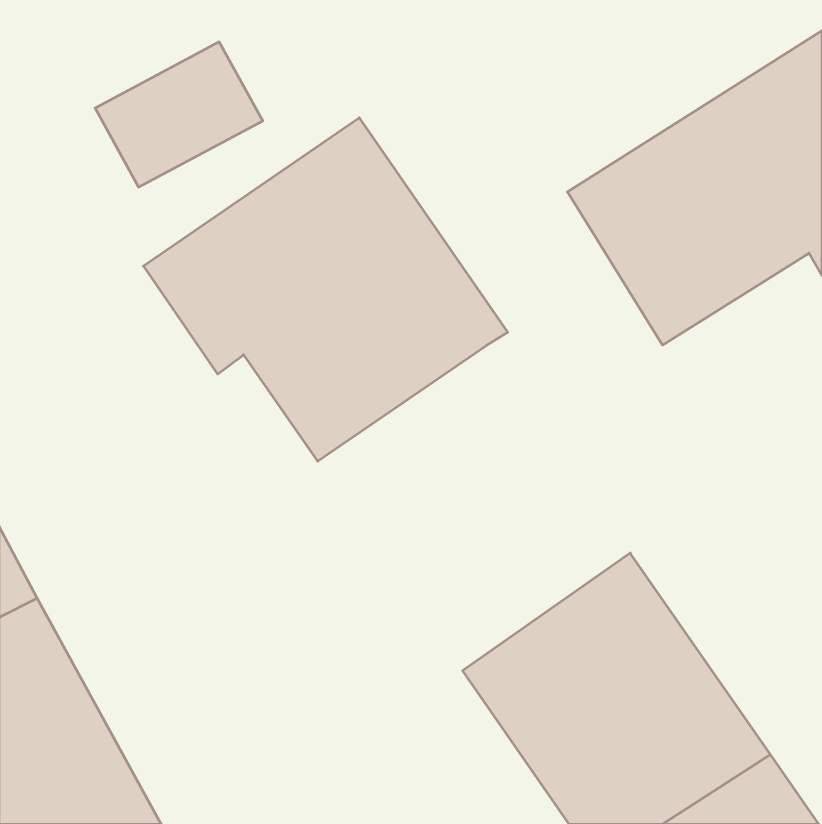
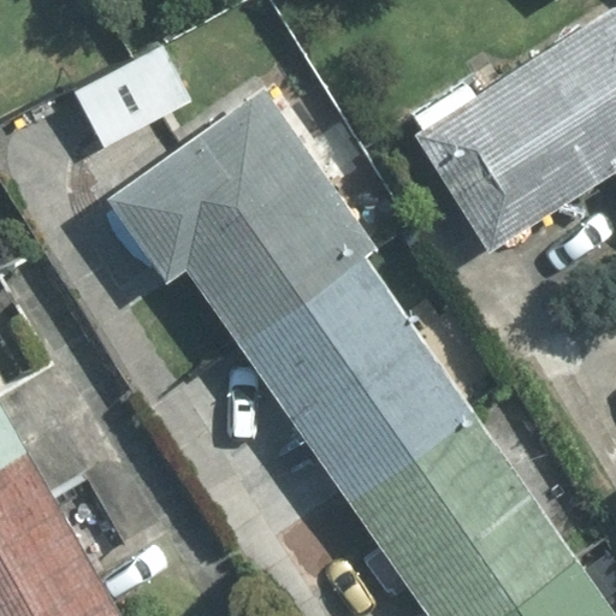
building: none -> [237,257,470,500]

